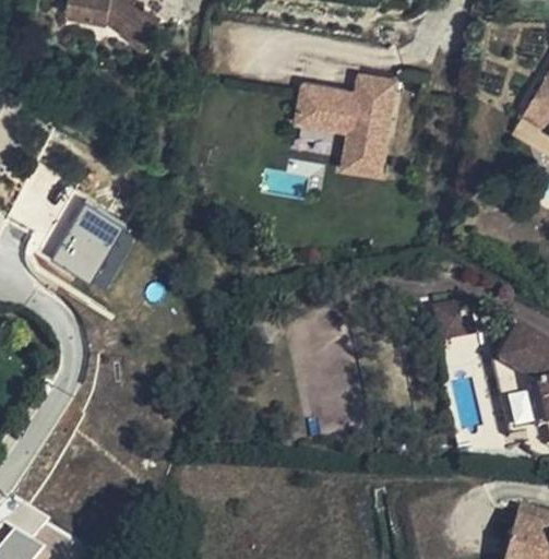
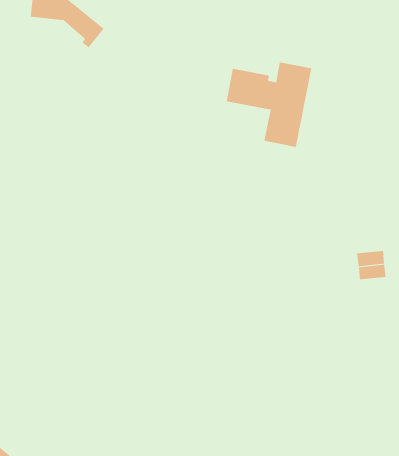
building: [49,199,121,278] -> none

